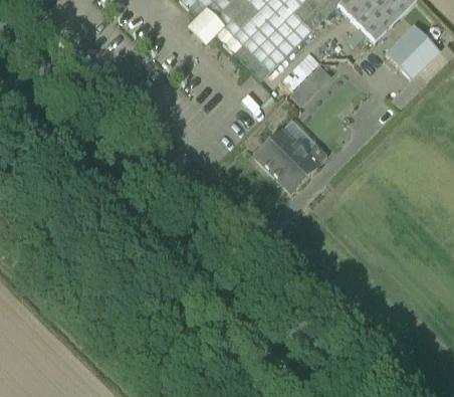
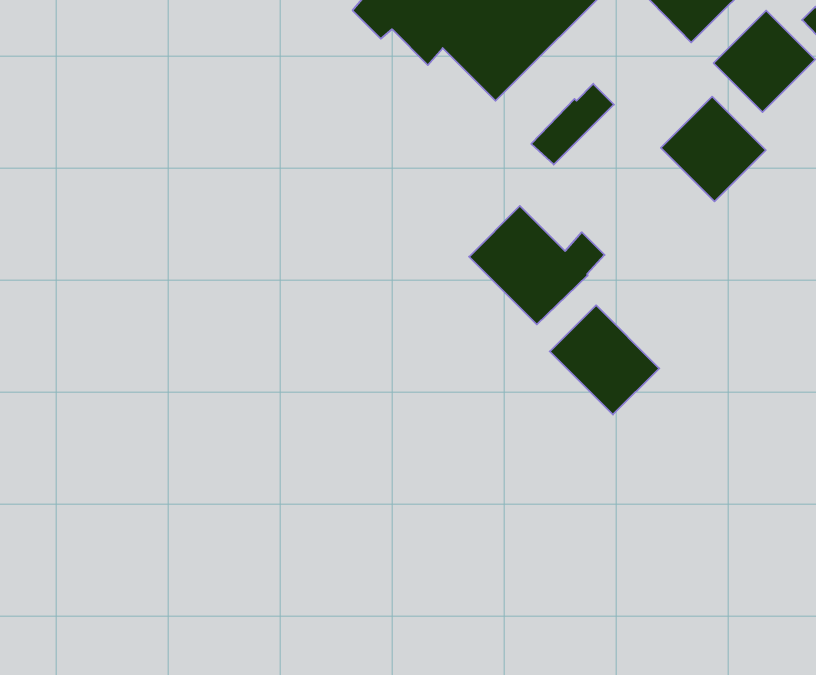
building: none -> [661,97,766,201]
building: none -> [550,305,659,415]

